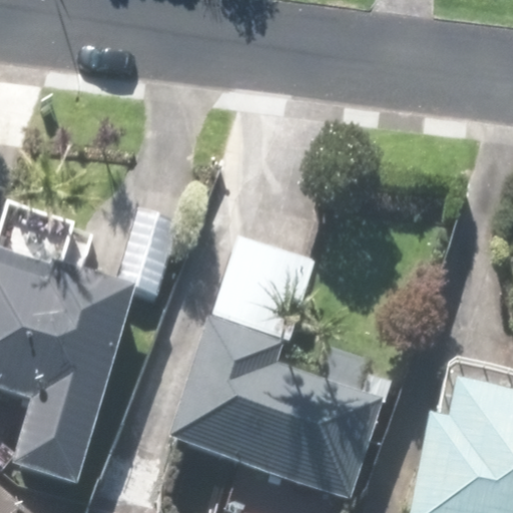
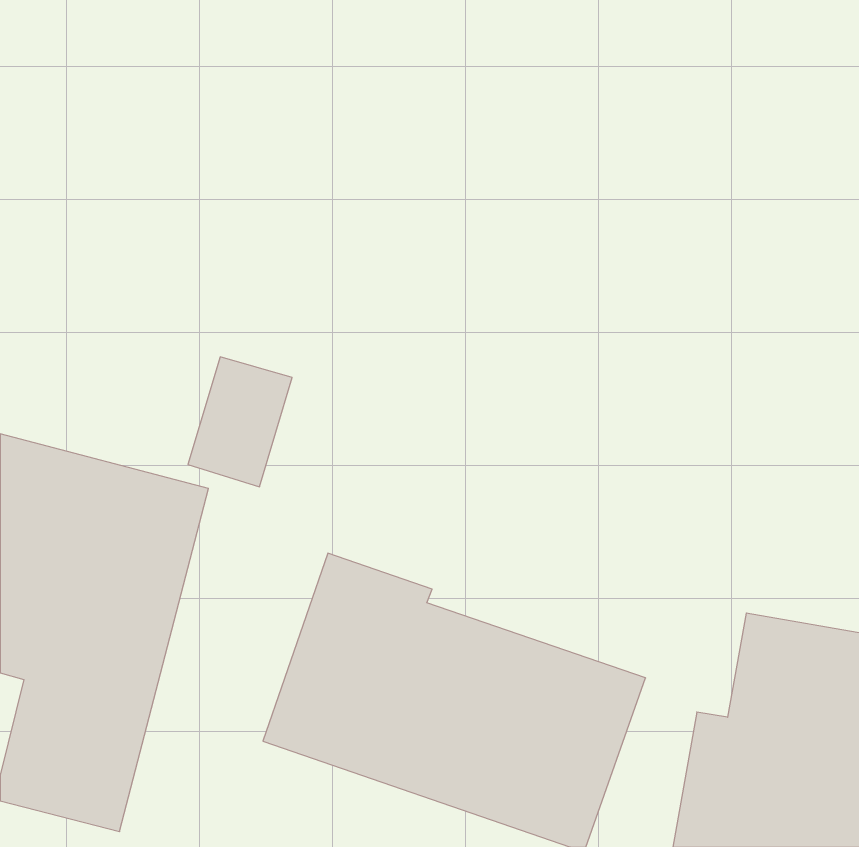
building: [209,237,314,344] -> none

